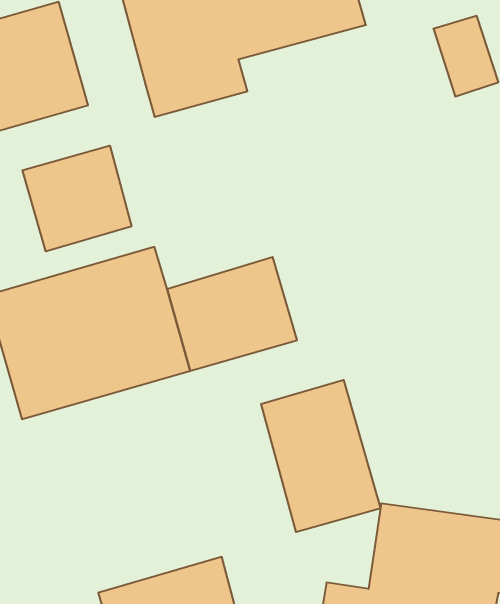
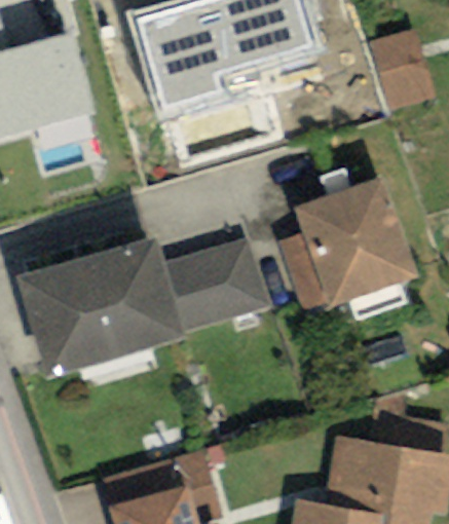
building: [22,146,131,251] -> none
building: none -> [294,174,418,303]
building: [261,380,380,532] -> none

